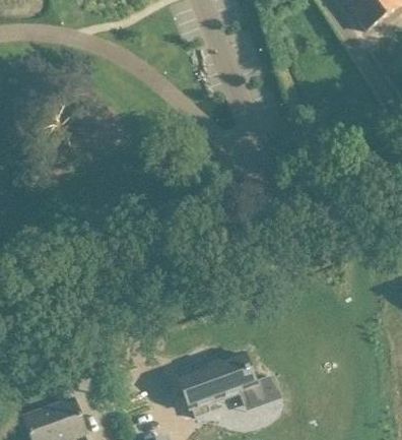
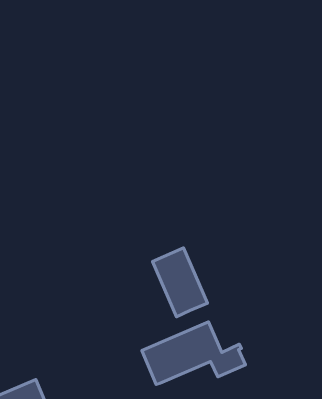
building: none -> [152,248,207,317]

